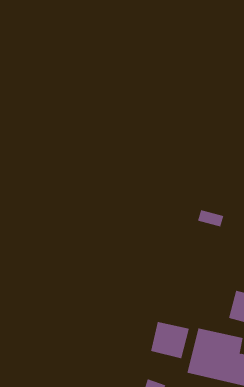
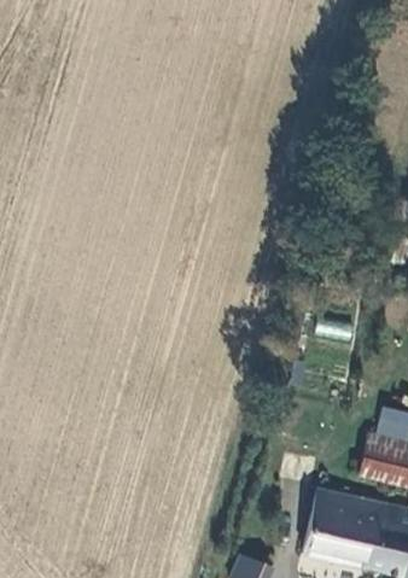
building: [151,321,189,359] -> none

